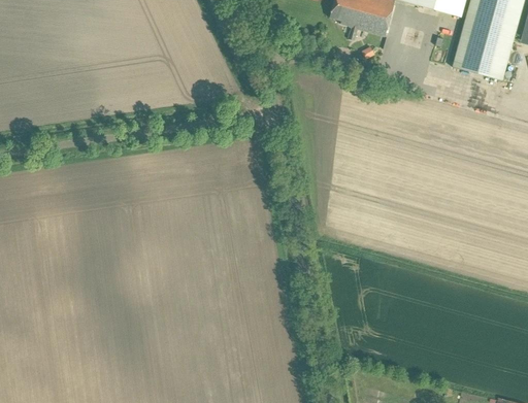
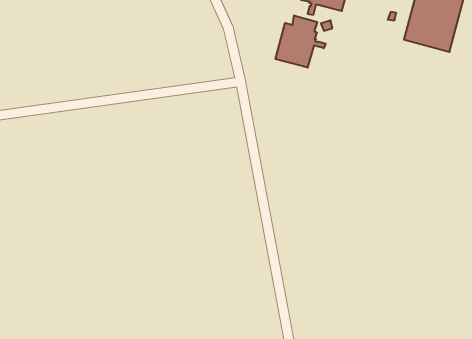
building: none -> [275,15,326,68]

